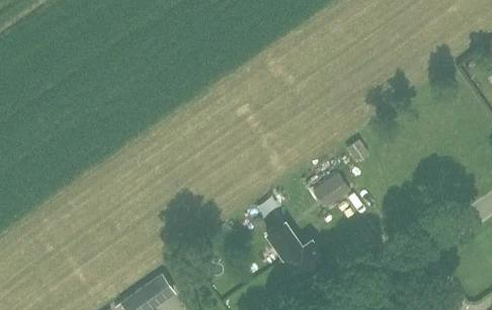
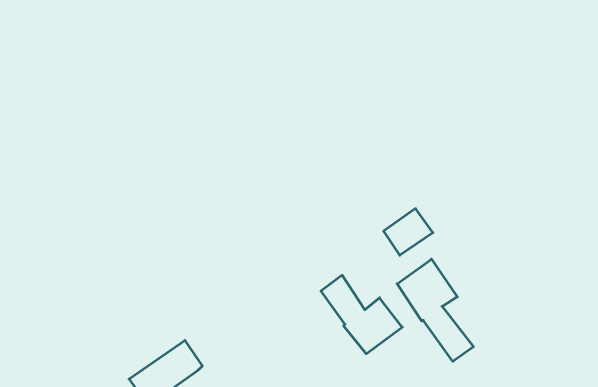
building: none -> [397,259,473,361]

